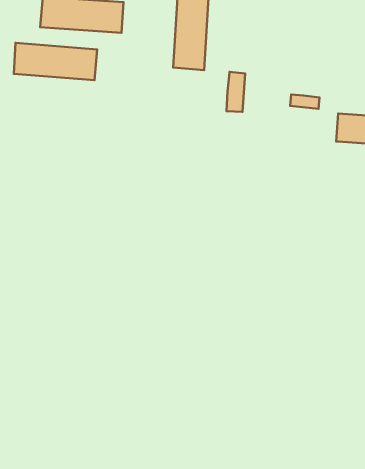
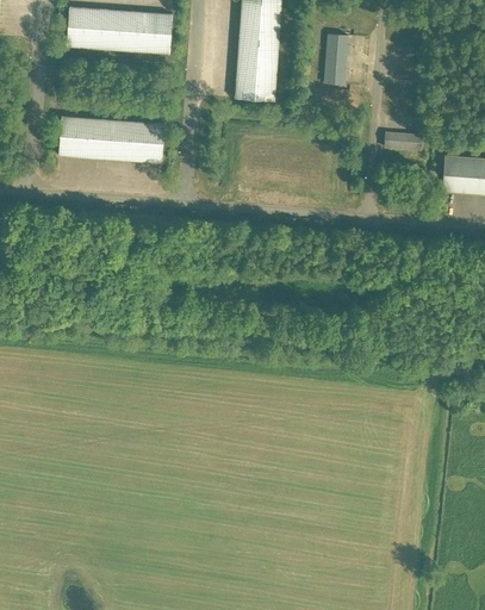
building: [14,43,97,80] -> [58,114,164,162]
building: [227,72,245,112] -> [324,32,348,83]

